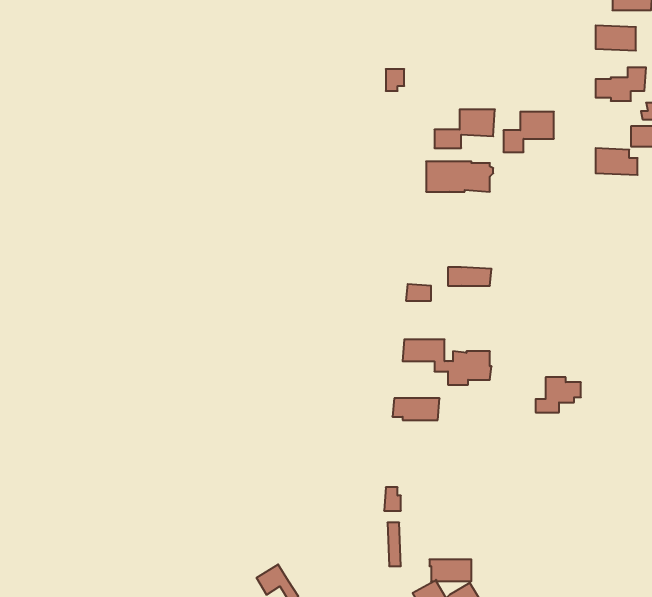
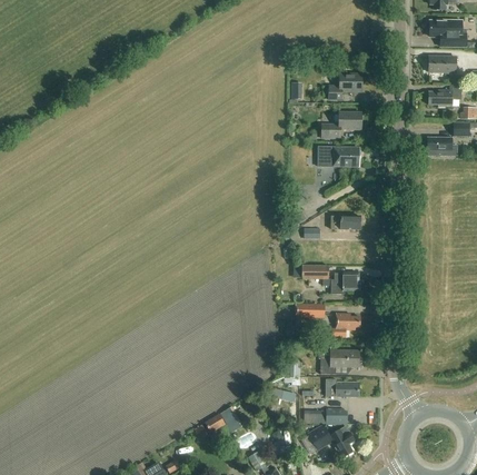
building: [503,112,554,152] -> [329,72,362,99]
building: [536,377,581,412] -> [330,313,360,336]
building: none -> [318,349,359,374]
building: none -> [325,378,359,396]

